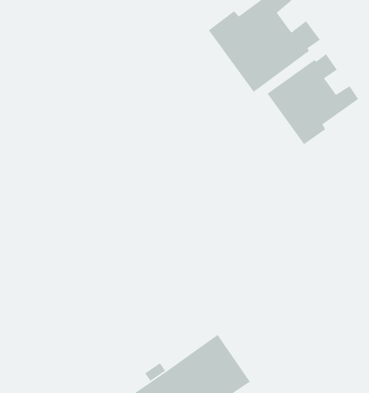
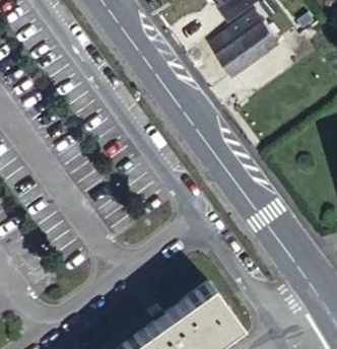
building: [266,53,359,145] -> none

